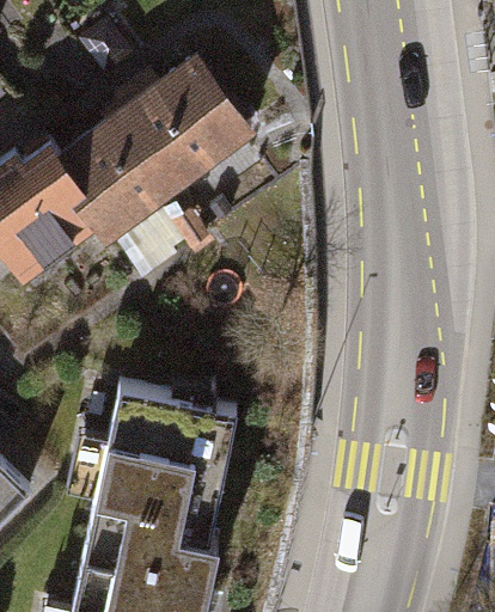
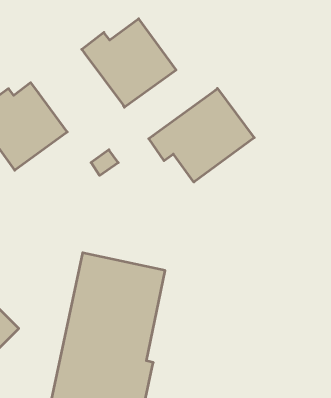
building: [57,111,177,235] -> none
building: none -> [149,88,254,182]

